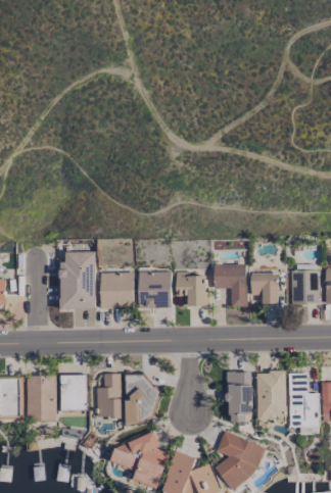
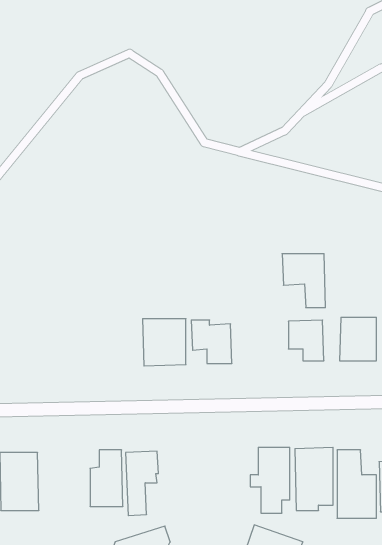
building: [60,252,96,308] -> none
building: [212,264,246,306] -> [282,254,325,308]
building: [100,273,134,309] -> none
building: [60,375,87,410] -> none

